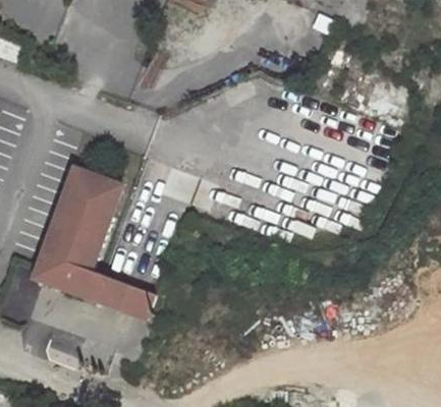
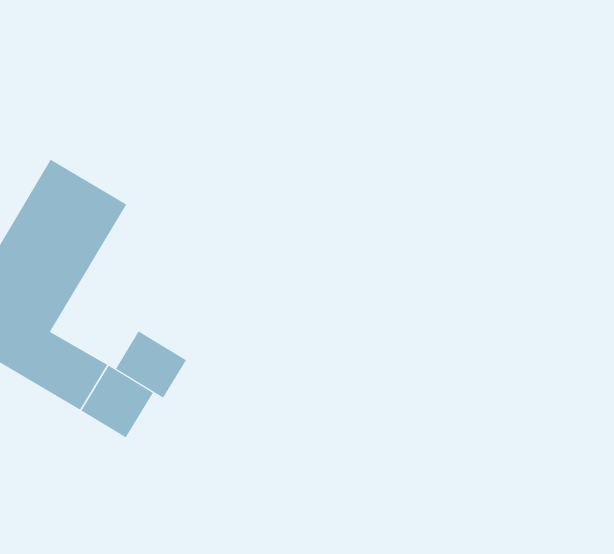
building: none -> [115,331,187,398]

